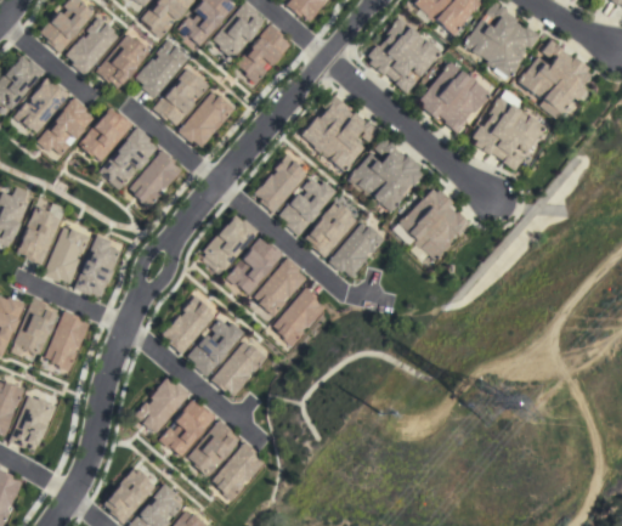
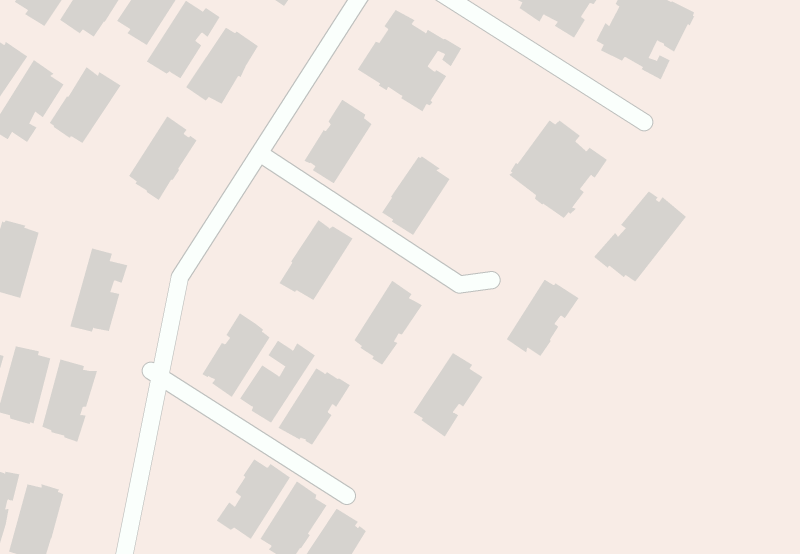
building: [100,126,158,190] -> none
building: [349,137,423,211] -> none
building: [279,177,337,236] -> none
building: [203,215,259,270] -> none
building: [329,222,385,277] -> [506,279,580,357]
building: [44,227,91,283] -> none
building: none -> [593,191,687,282]
building: [254,258,307,317] -> [413,352,484,438]
building: [135,378,191,432] -> none

